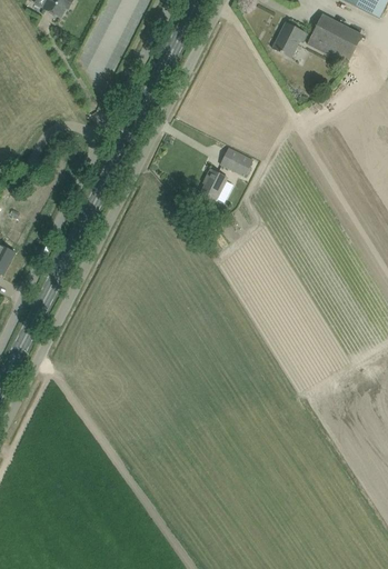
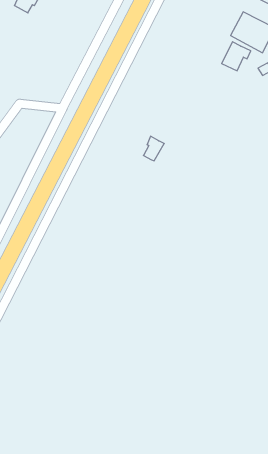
building: [271,21,307,57] -> [222,42,251,71]
building: [219,147,251,176] -> none

